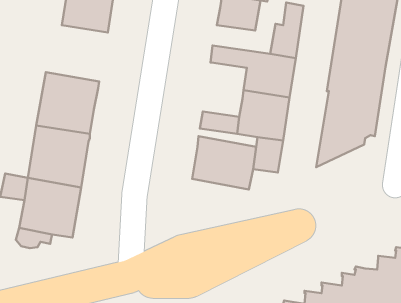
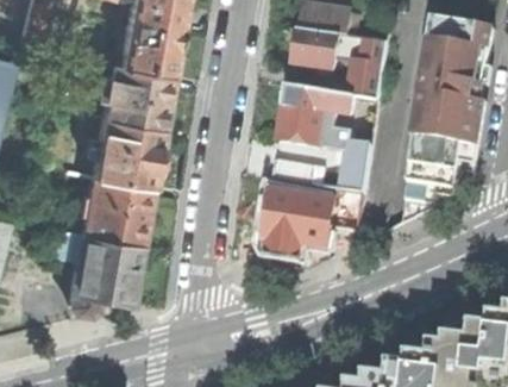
building: none -> [93,63,169,127]
building: none -> [280,106,324,146]

